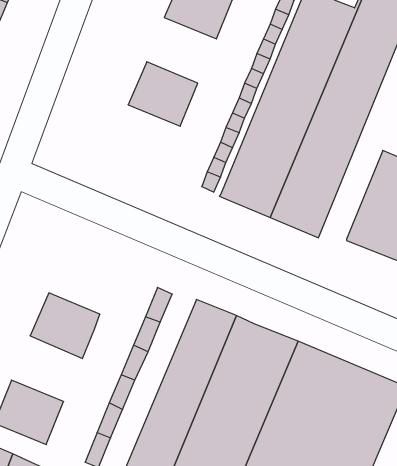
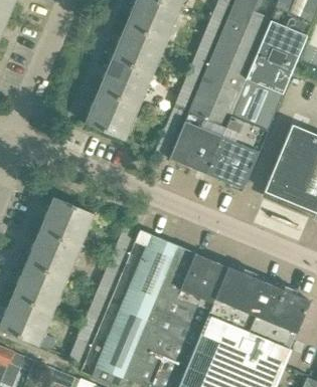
building: none -> [114,24,166,73]
building: none -> [87,89,139,139]
building: none -> [40,198,93,246]
building: none -> [12,262,65,312]

